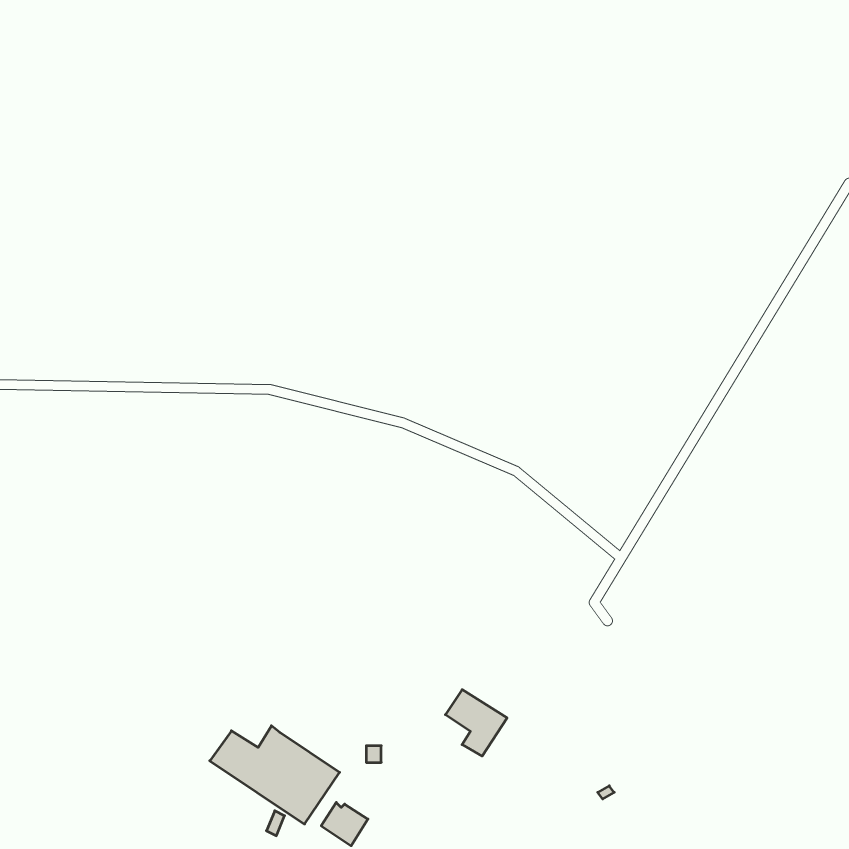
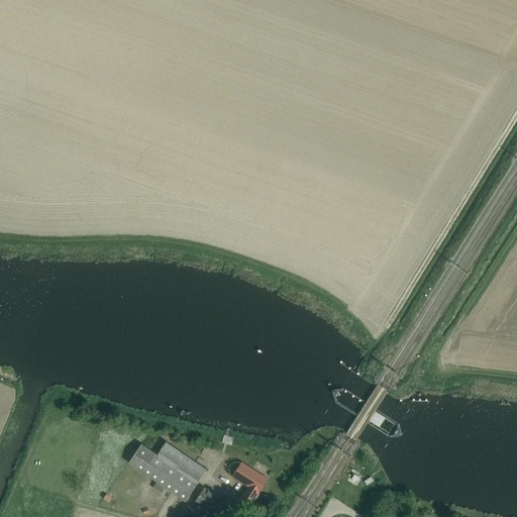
building: [445,690,507,756] -> [232,460,270,501]

